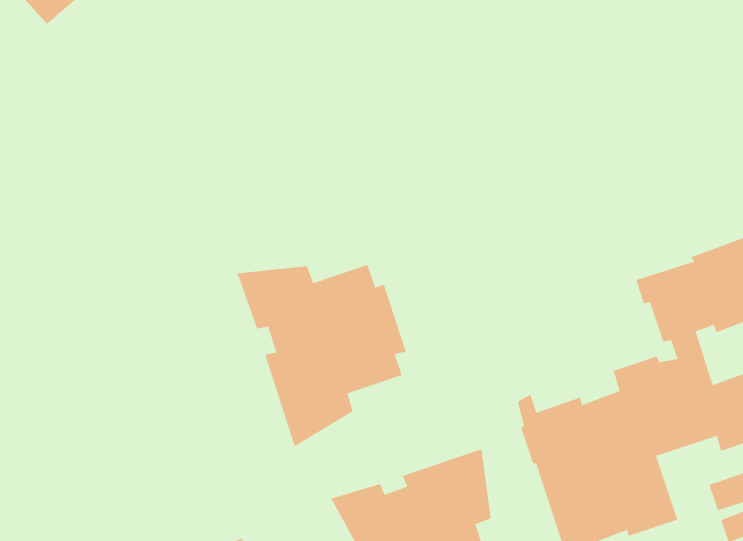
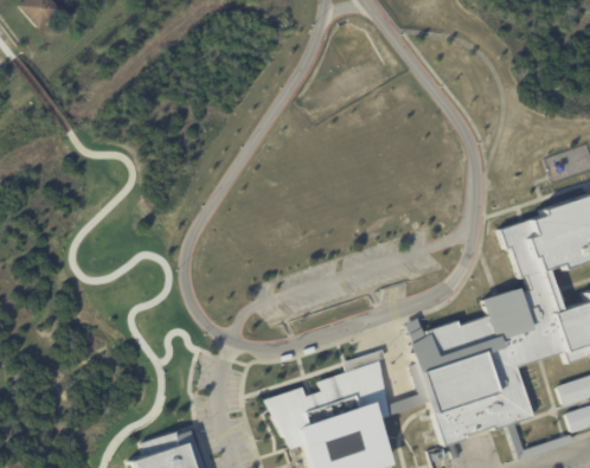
building: [237,264,406,447] -> none

